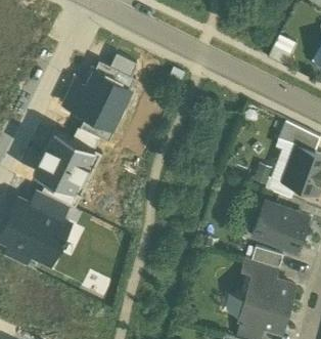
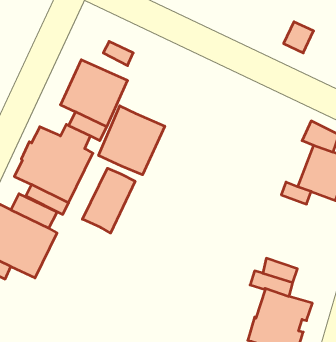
building: none -> [99,106,165,175]
building: none -> [82,168,135,233]
building: [251,202,308,252] -> none

